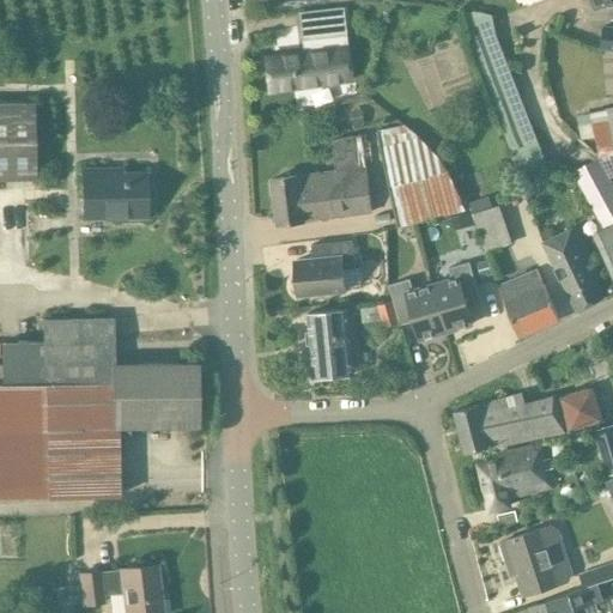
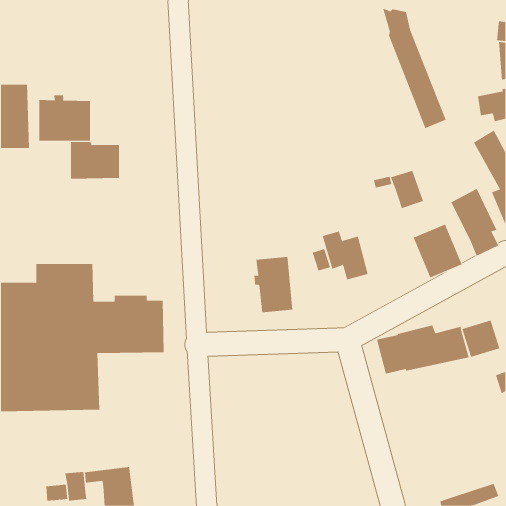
building: [265,7,350,90] -> none
building: none -> [39,95,91,142]
building: [377,125,467,227] -> none
building: [271,134,374,224] -> none
building: [293,241,362,296] -> none
building: [433,262,482,332] -> none
building: [480,444,557,510] -> none
building: [503,527,572,595] -> none

